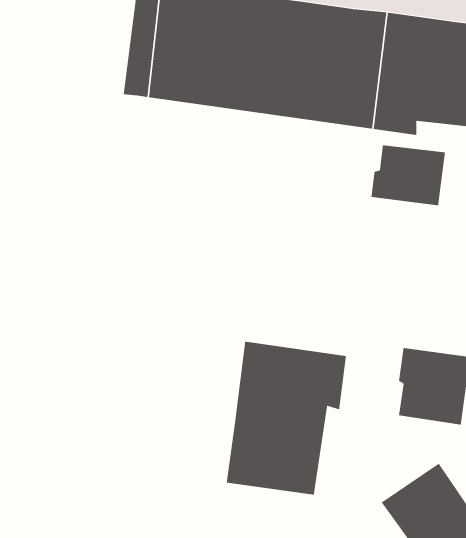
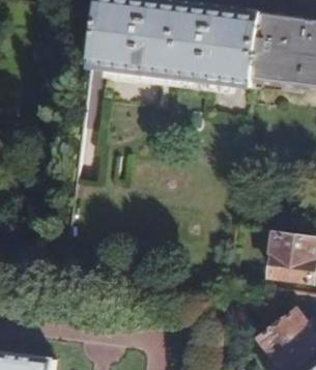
building: [371,144,445,206] -> none
building: [226,341,346,495] -> none

